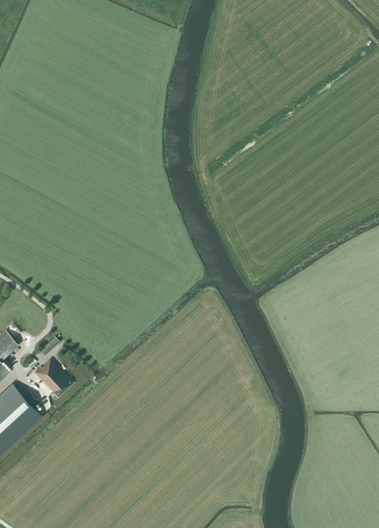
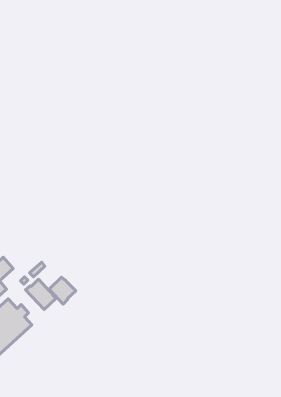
building: none -> [49,277,76,304]

